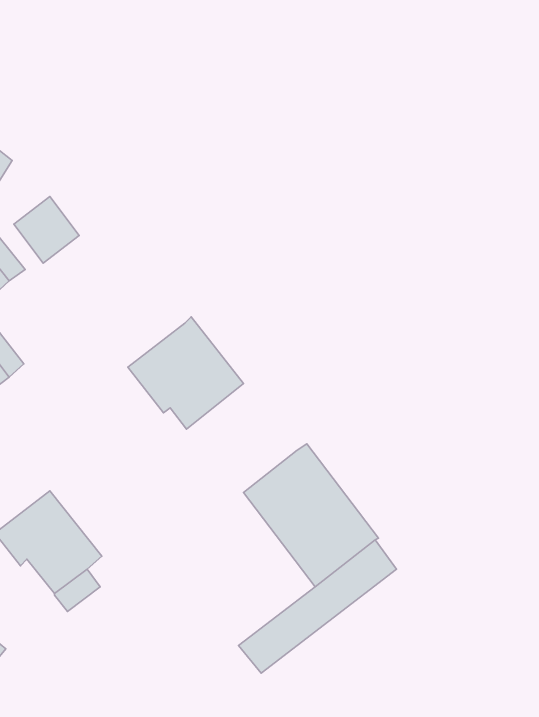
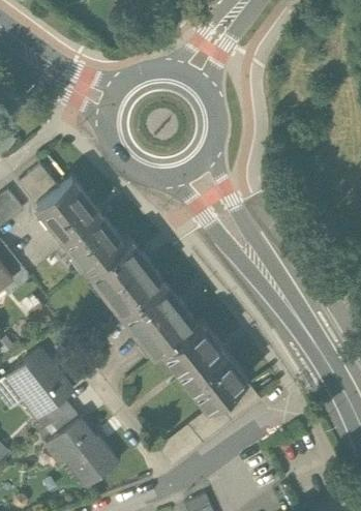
building: none -> [40,182,124,271]
building: none -> [122,281,195,356]
building: none -> [52,419,115,484]

